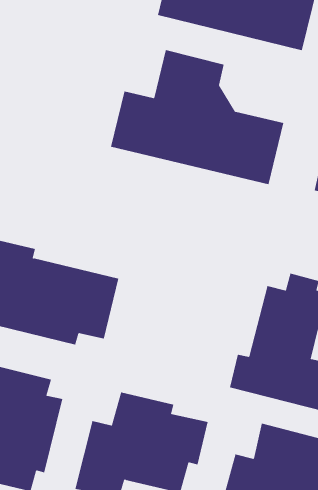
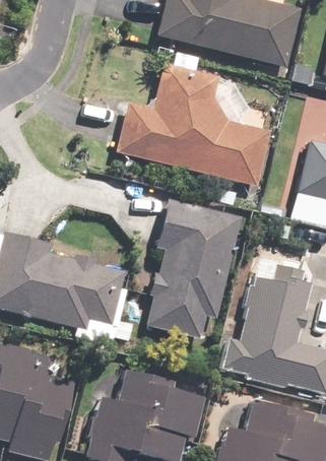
building: none -> [147,202,241,336]

